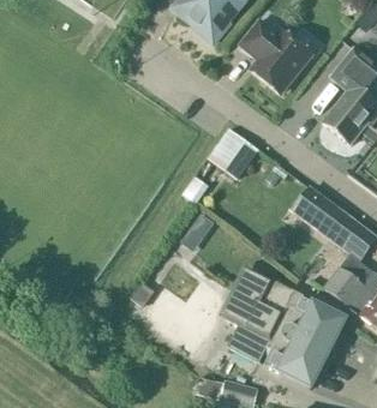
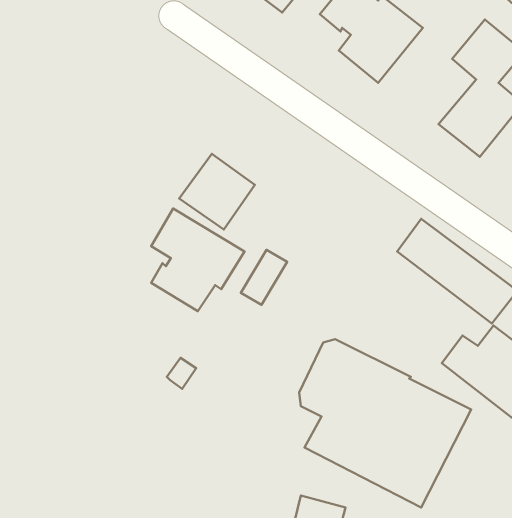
building: [207,127,259,180] -> [179,154,255,229]
building: none -> [151,209,245,311]

